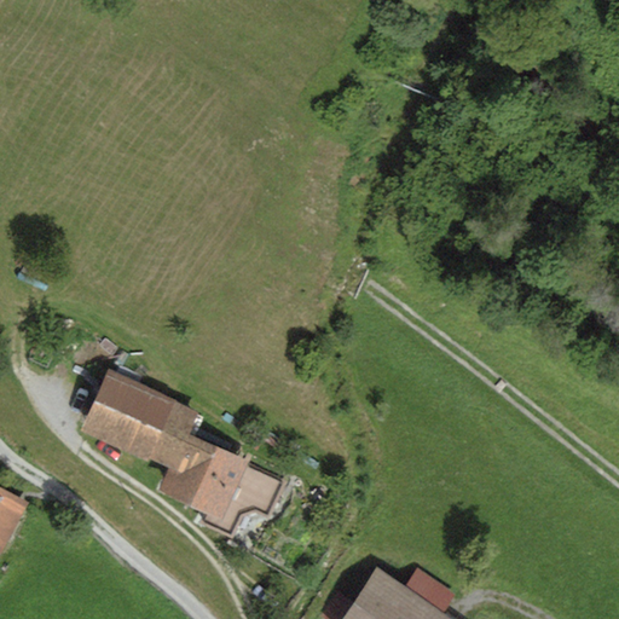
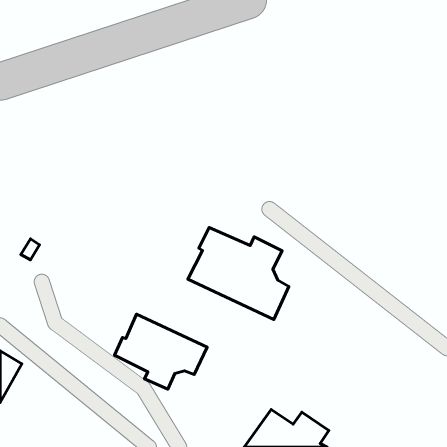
building: none -> [188,227,289,319]
building: [80,369,197,468] -> none

